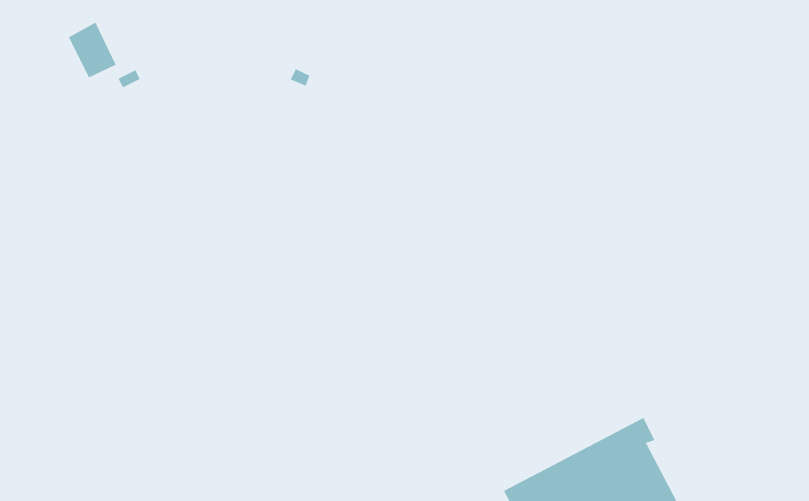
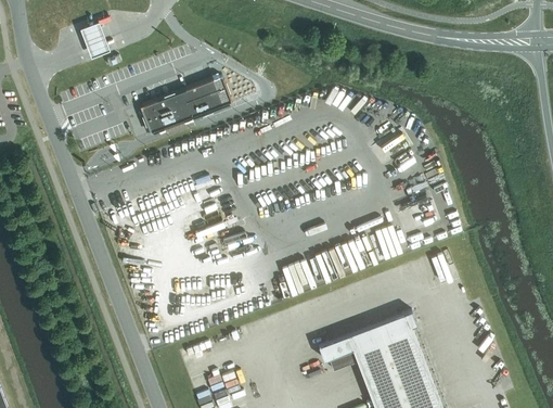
building: none -> [139,80,223,135]

